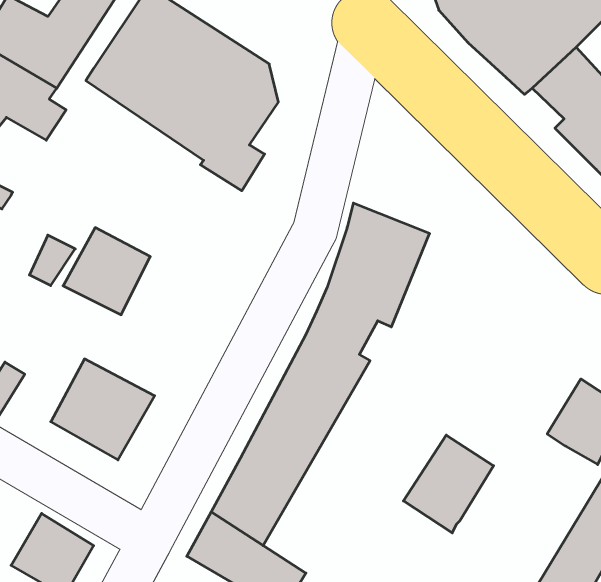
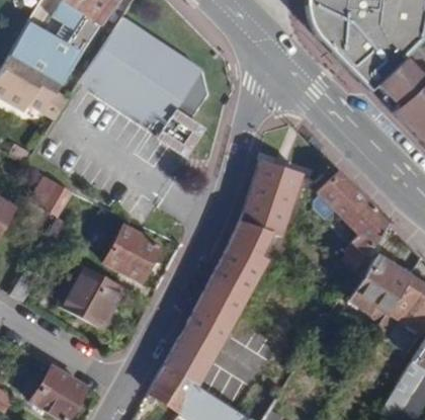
building: none -> [317,172,388,274]
building: [63,228,150,315] -> [103,225,161,282]
building: [403,435,494,533] -> [349,256,409,321]

